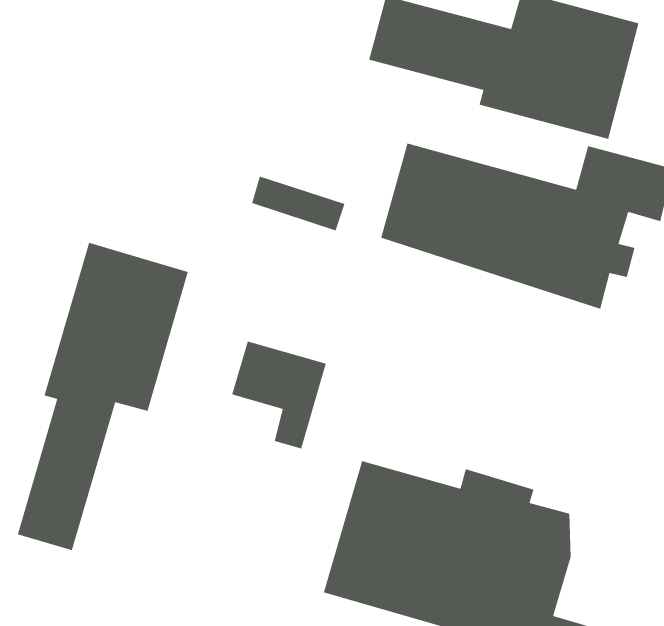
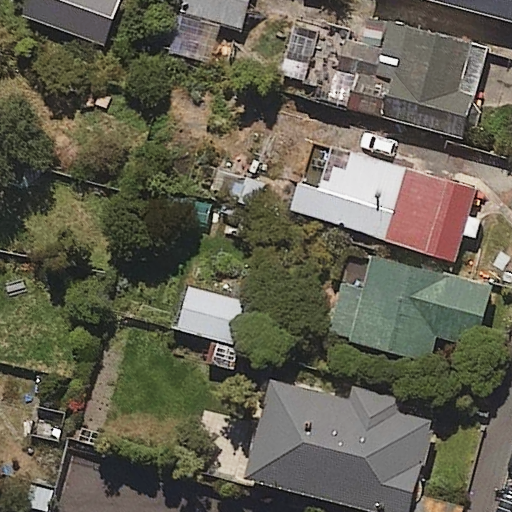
building: [17,242,189,551] -> none
building: none -> [326,254,489,359]

